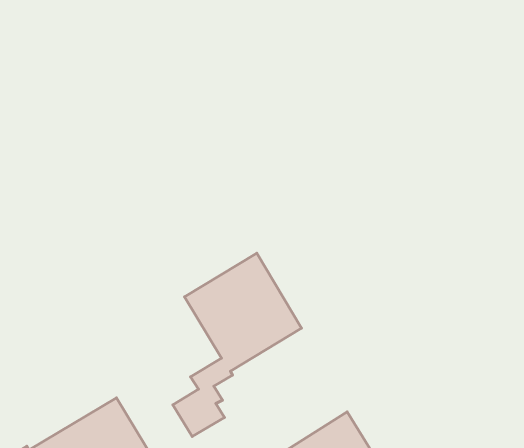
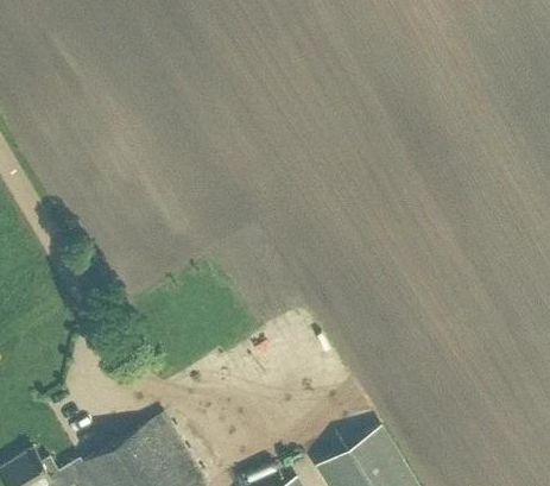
building: [173,253,301,437] -> none

